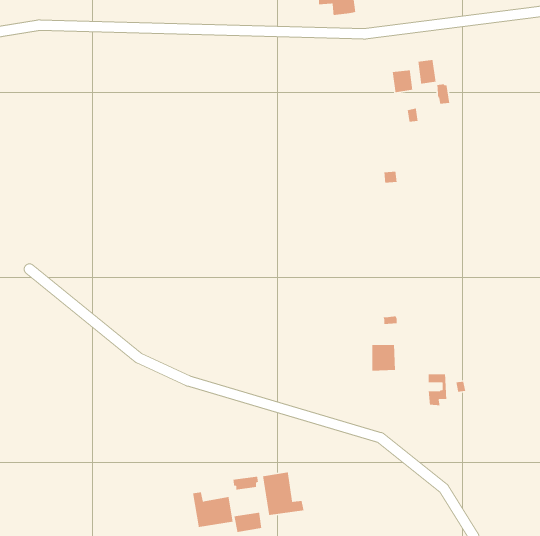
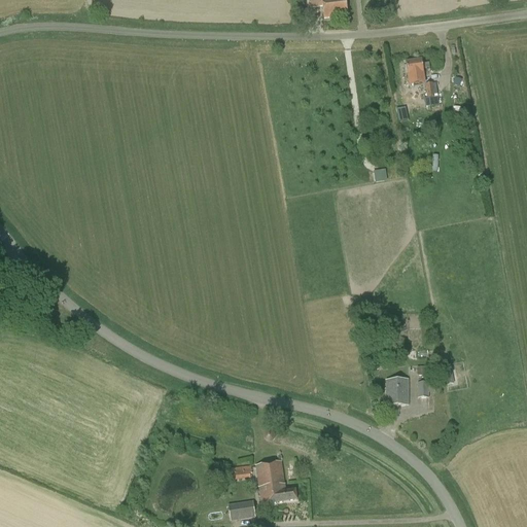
building: [392,69,413,93] -> none
building: [372,344,396,371] -> [385,378,409,405]
building: [192,492,233,528] -> none

